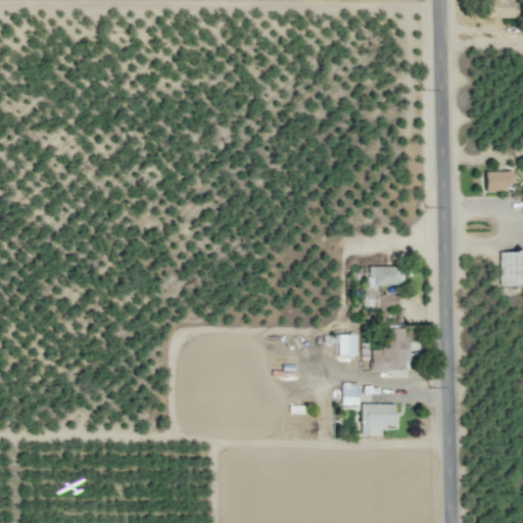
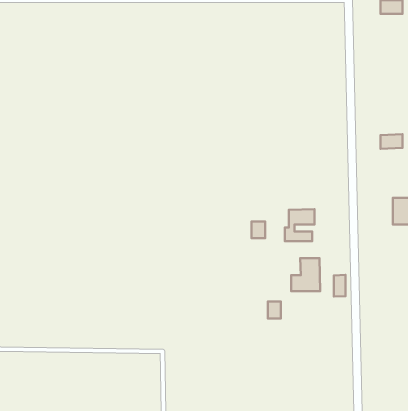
building: [340,334,358,355] -> [252,221,265,238]
building: none -> [334,275,346,297]
building: [363,403,396,435] -> none

